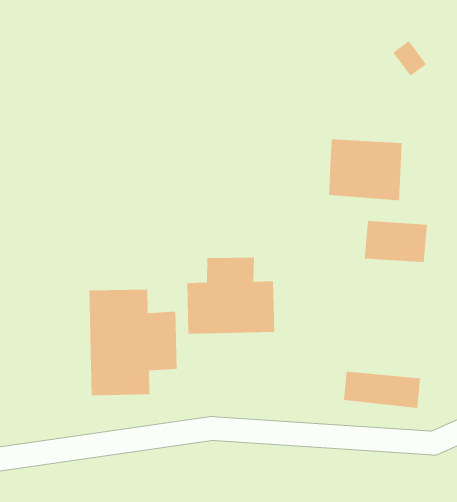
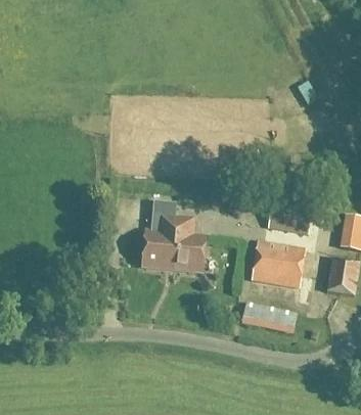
building: [328,139,403,201] -> [251,240,305,287]
building: [89,289,177,396] -> none

